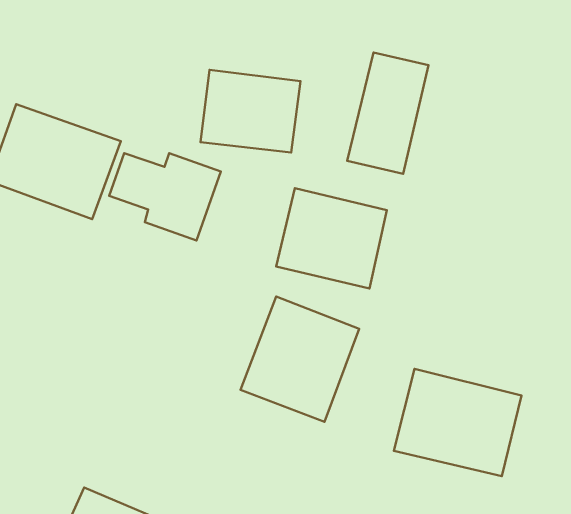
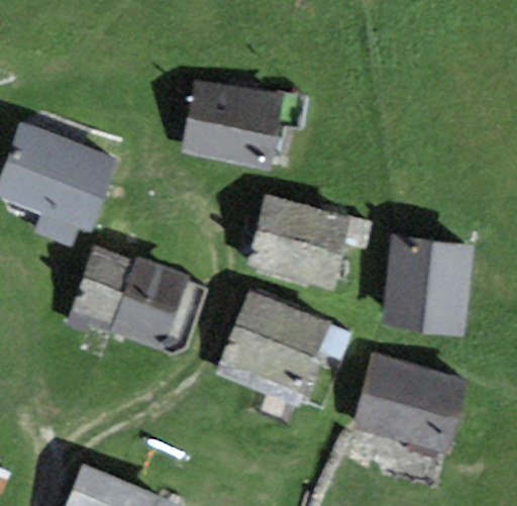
building: [347,53,429,174] -> none
building: [109,153,221,241] -> [85,261,183,337]
building: none -> [383,236,472,330]

